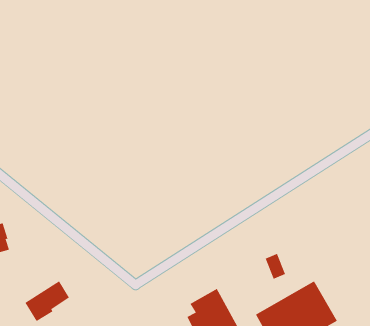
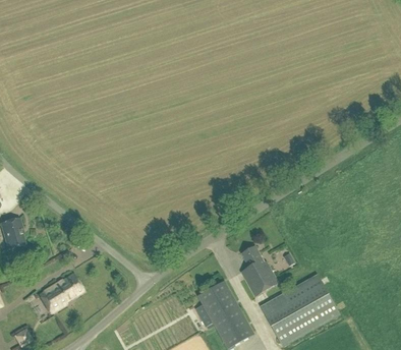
building: none -> [241,244,279,294]

